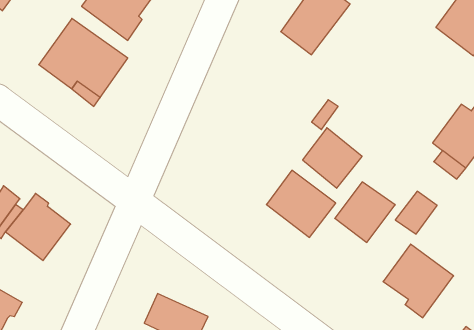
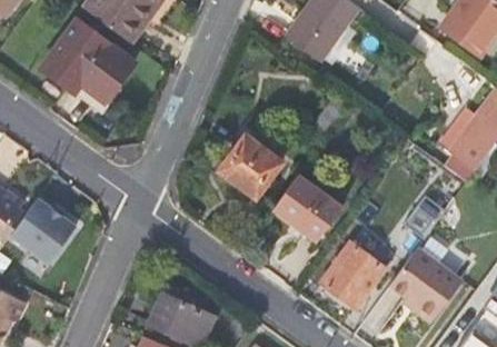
building: [303,128,362,188] -> [221,138,281,199]
building: [335,182,395,242] -> [322,245,384,306]

